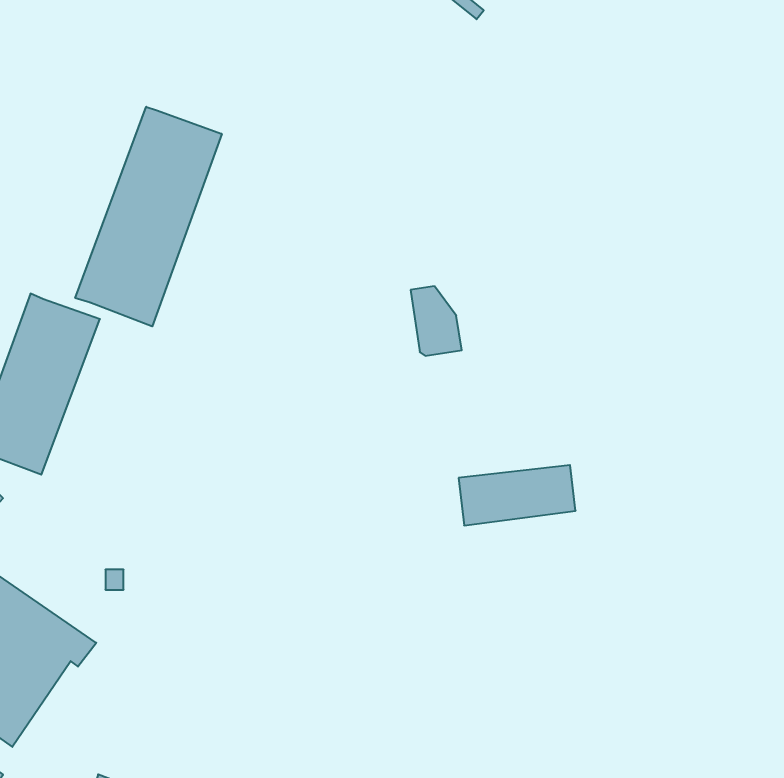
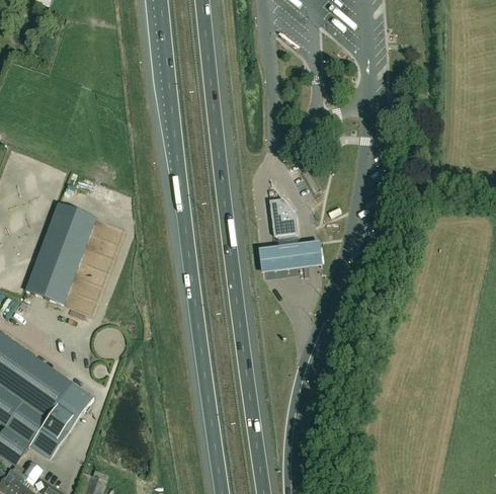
building: [75,107,222,326] -> none
building: [459,465,576,525] -> [258,237,323,270]

